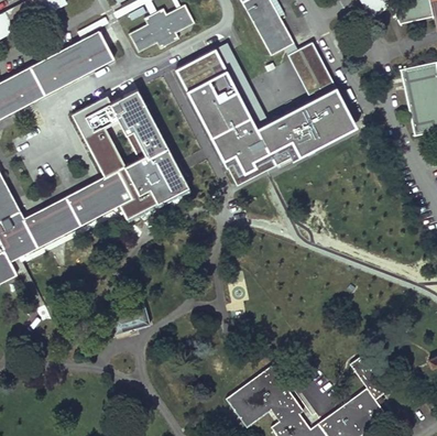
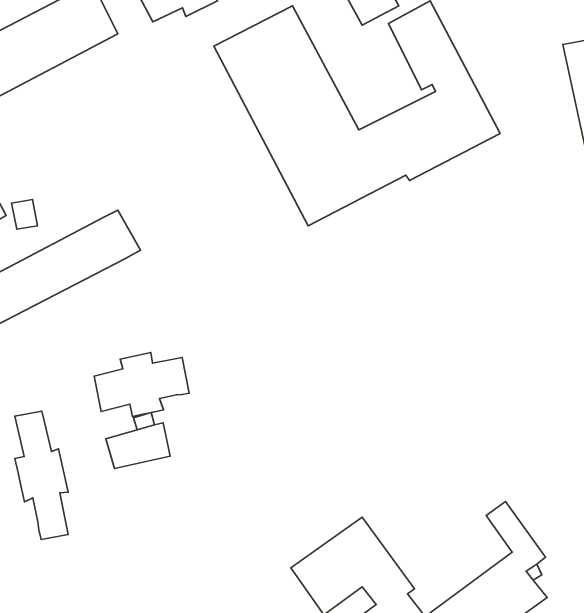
building: [75,89,188,216] -> none
building: none -> [94,352,189,417]
building: none -> [15,411,68,539]

